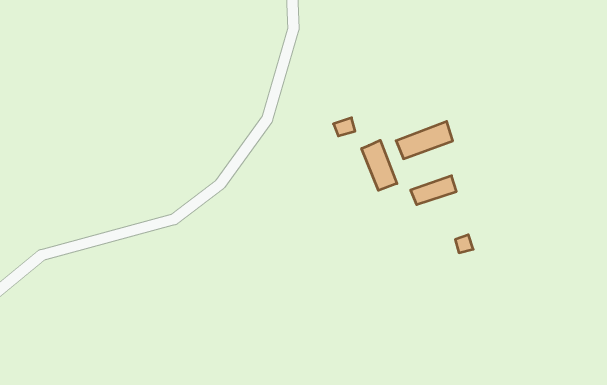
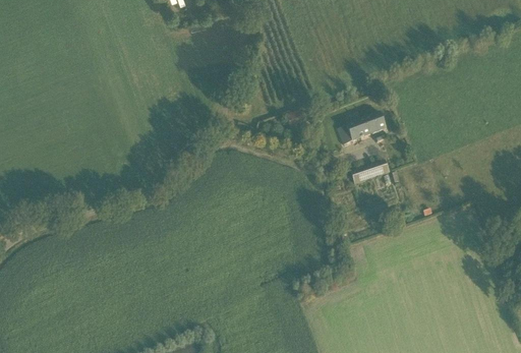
building: [362,140,397,190] -> none

